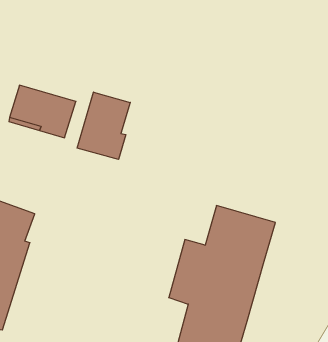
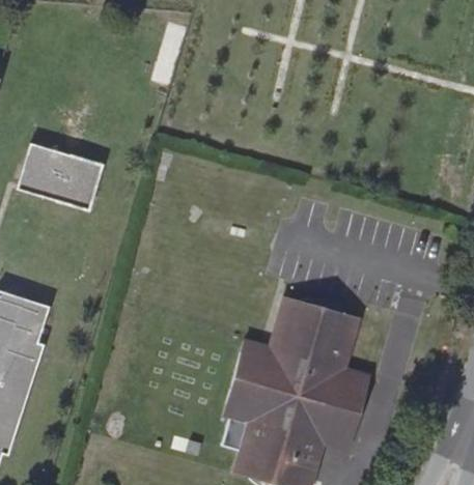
building: [77,92,130,159] -> none
building: none -> [323,368,368,451]

